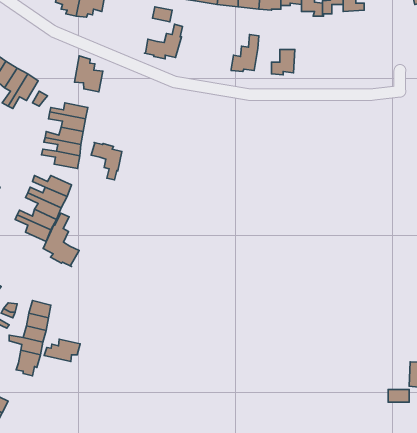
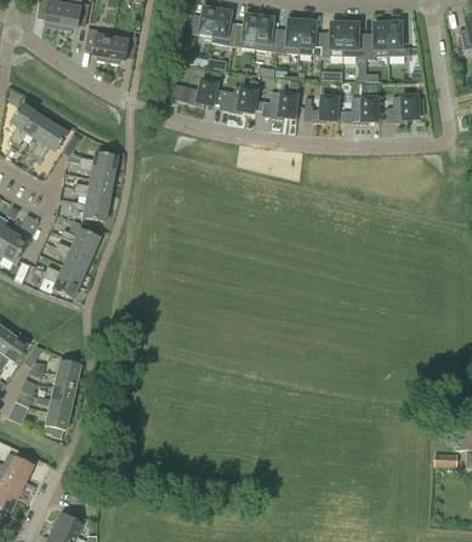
building: none -> [221,79,258,114]
building: none -> [353,82,377,124]
building: none -> [394,95,422,122]
building: [74,56,103,92] -> none
building: [91,142,122,180] -> none
building: [43,213,79,266] -> none
building: [44,339,80,361] -> none

